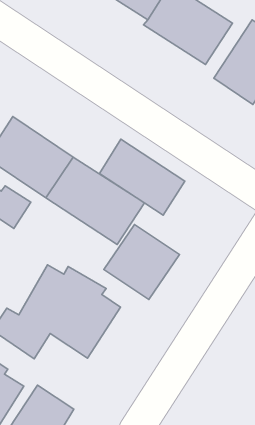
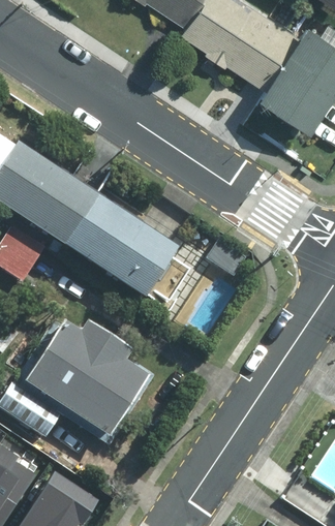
building: [99,139,185,215] -> none
building: [104,225,179,300] -> none

